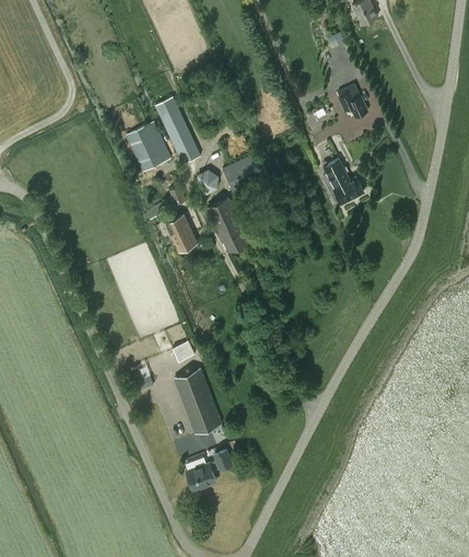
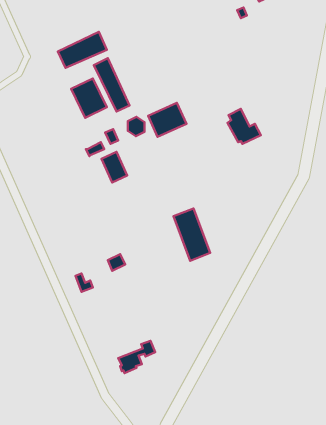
building: none -> [58,32,107,68]
building: [338,83,367,116] -> none
building: [208,198,249,251] -> none
building: [175,368,221,433] -> [173,208,210,261]

